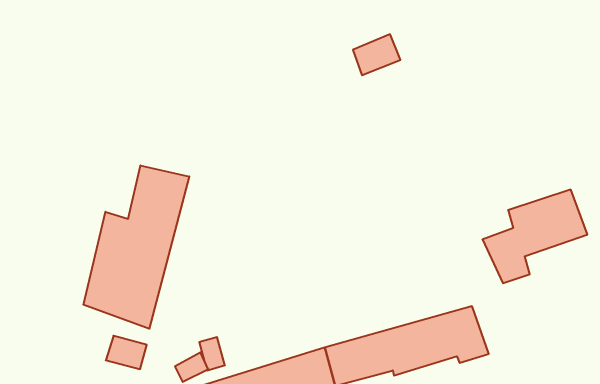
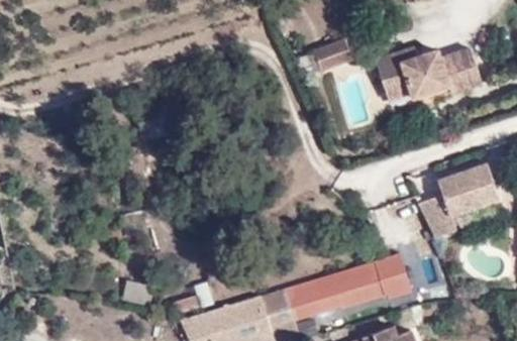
building: none -> [374,51,479,102]
building: [83,165,189,329] -> none

